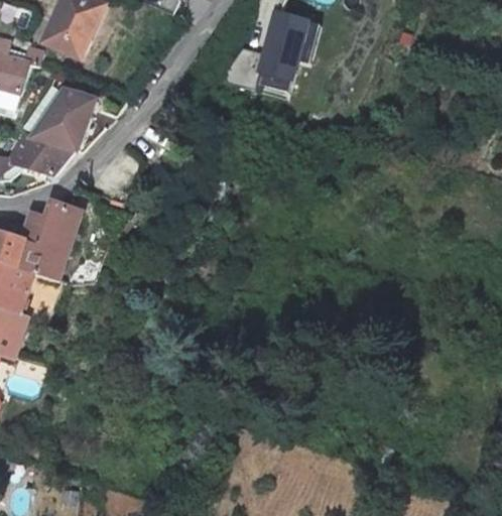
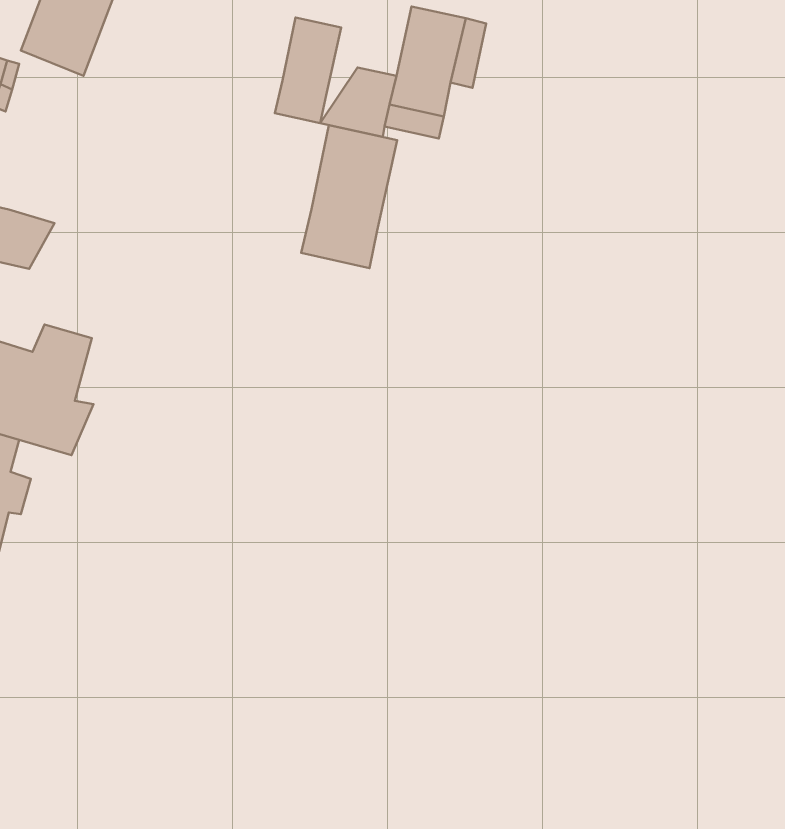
building: none -> [275,17,341,123]
building: [33,86,85,146] -> none
building: none -> [301,125,397,268]

